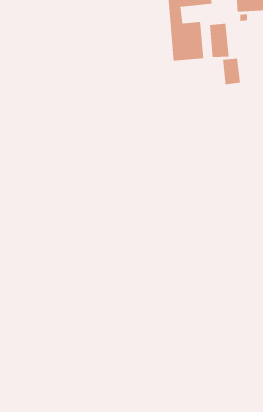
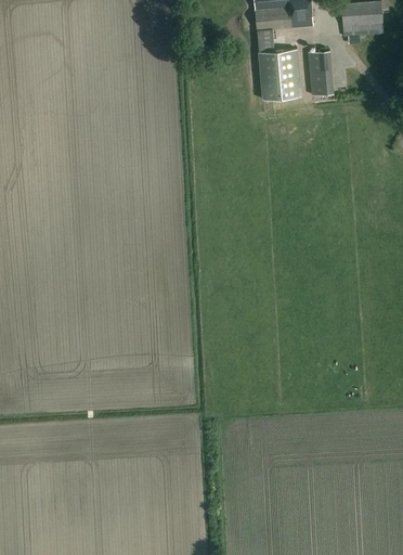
building: [223,58,241,85] -> none

